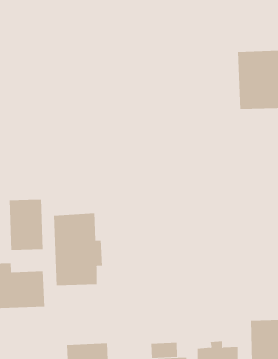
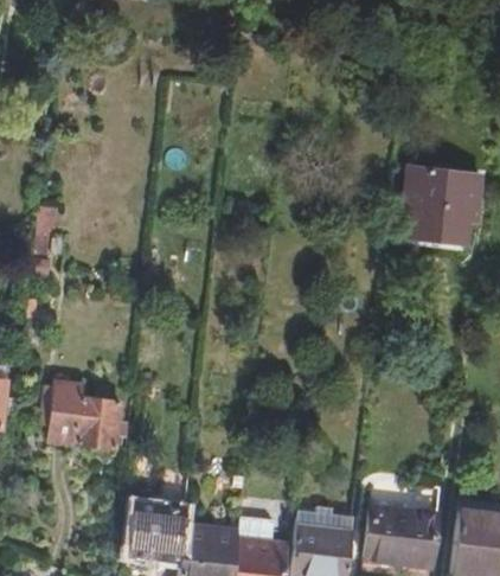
building: [9,199,43,251] -> none
building: [54,213,102,286] -> none

